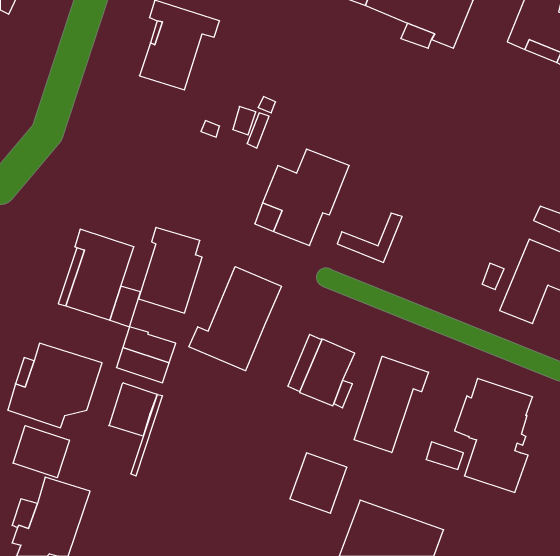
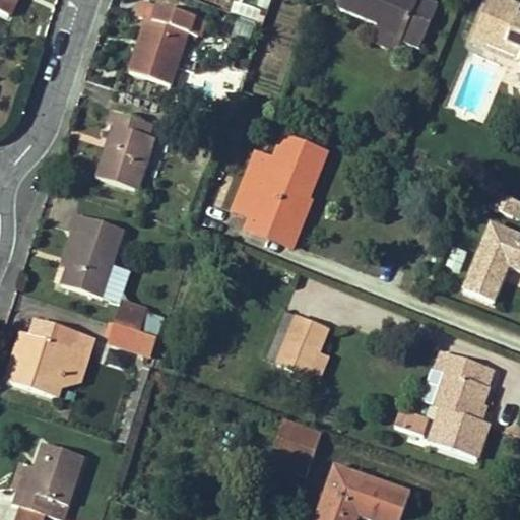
building: [337,213,402,262] -> [250,197,310,243]
building: [138,227,202,313] -> [96,110,155,189]
building: [189,267,281,371] -> none
building: [354,356,429,453] -> none
building: [109,383,157,436] -> none
building: [13,426,69,478] -> none

